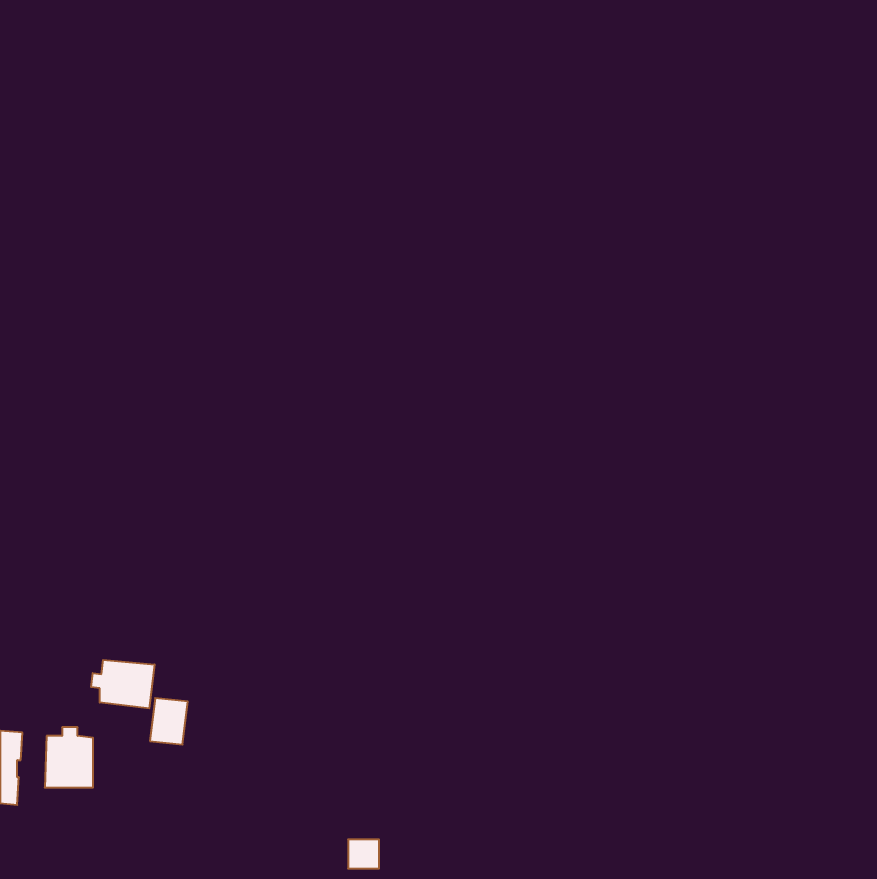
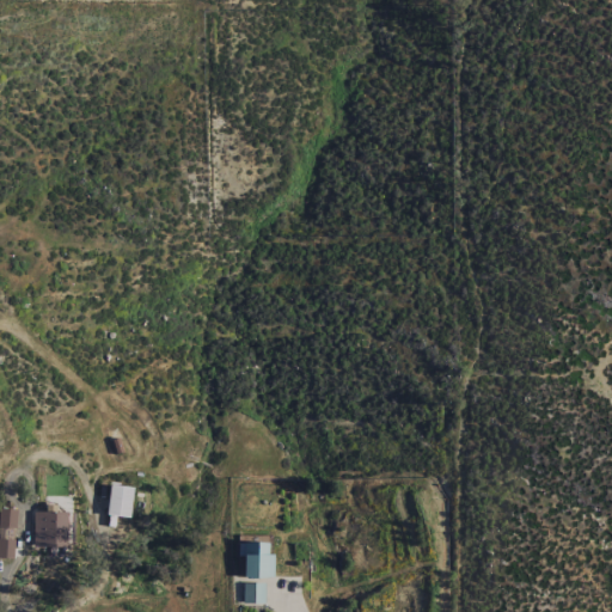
building: [91,660,155,708] -> none
building: none -> [238,543,275,576]

